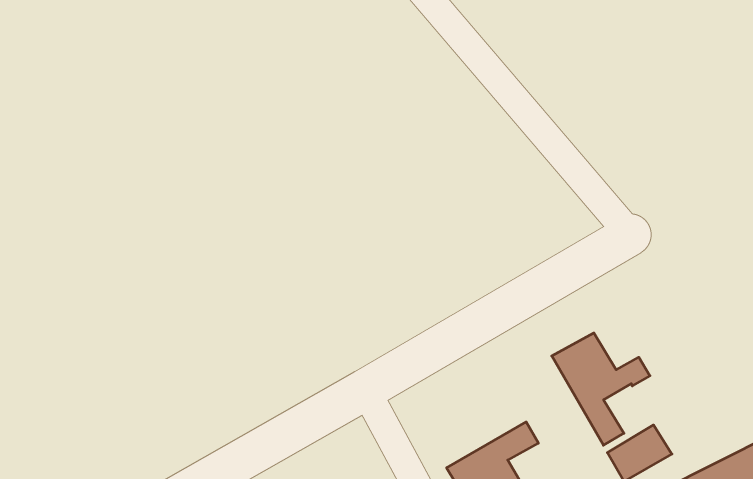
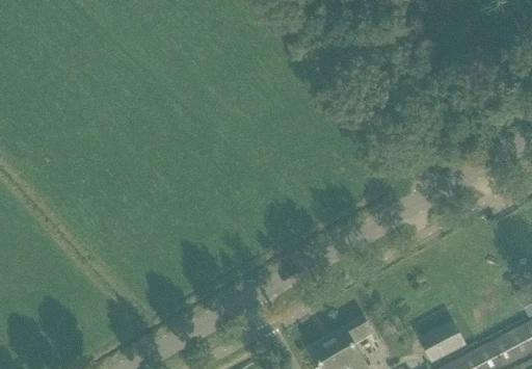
building: [552,333,650,445] -> none

